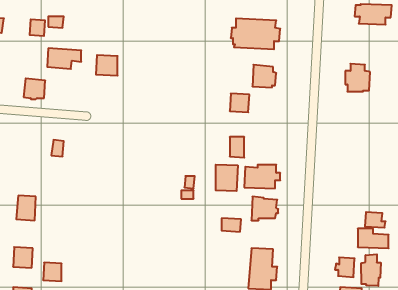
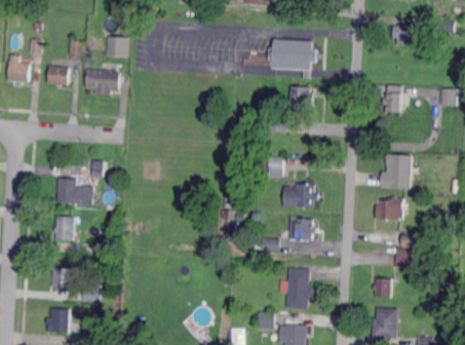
building: [96,55,118,76] -> [106,37,127,57]
building: [24,78,45,99] -> [46,66,68,86]
building: none -> [379,154,411,190]
building: none -> [55,180,82,205]
building: [216,165,238,191] -> none
building: none -> [376,198,403,221]
building: [361,254,381,286] -> none

